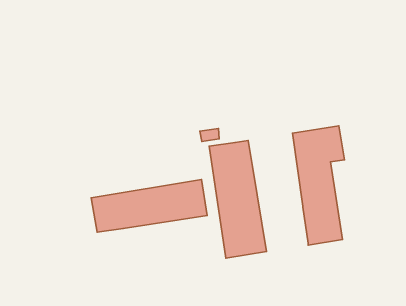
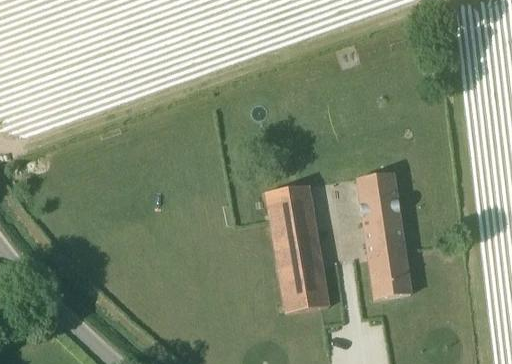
building: [91,179,207,232] -> none

